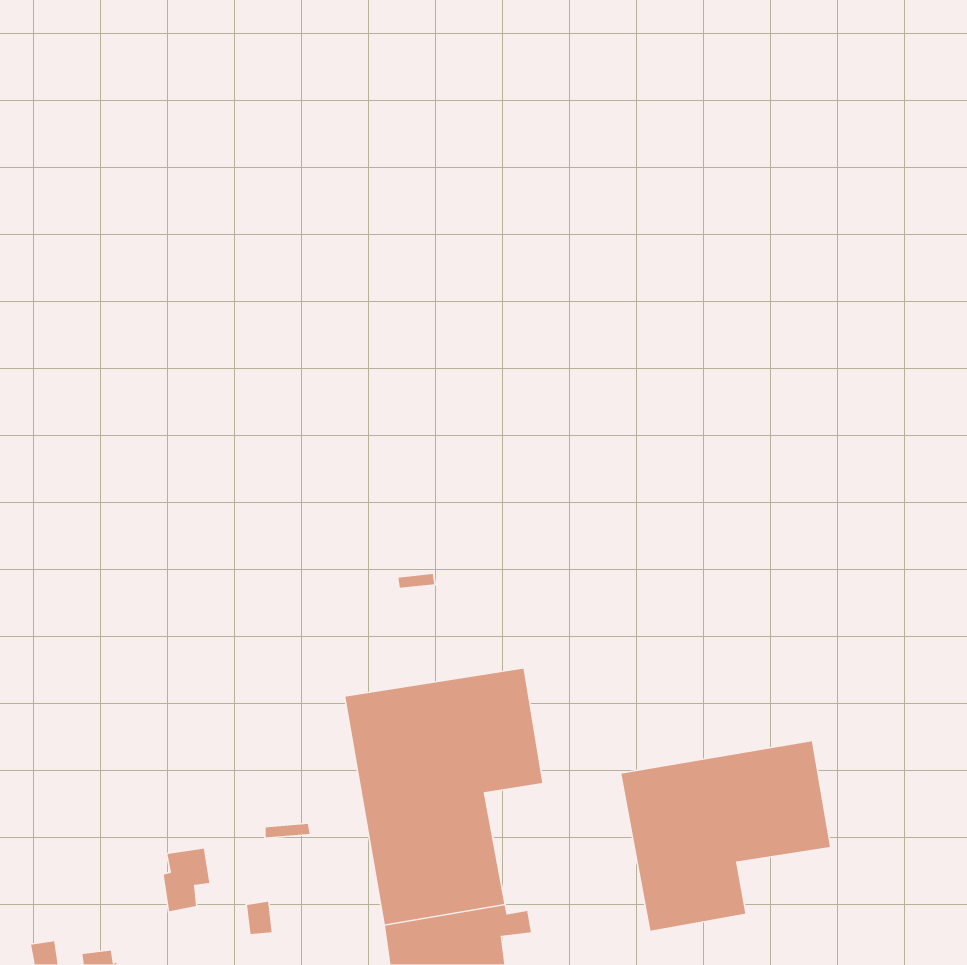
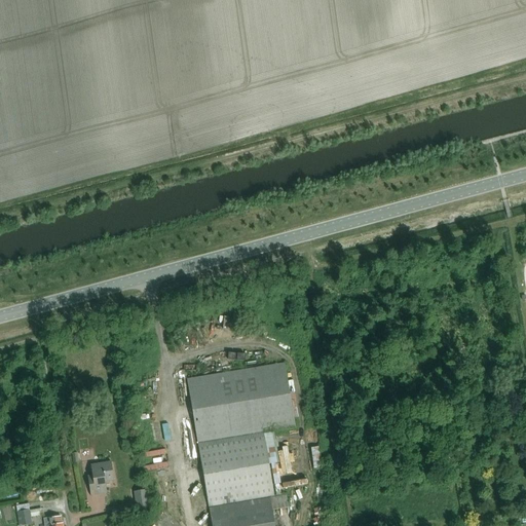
building: [621,740,831,931] -> none

